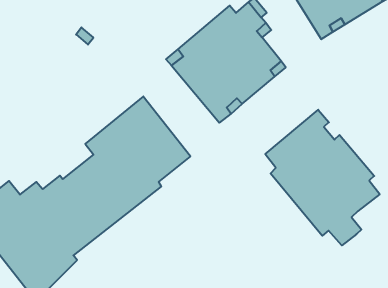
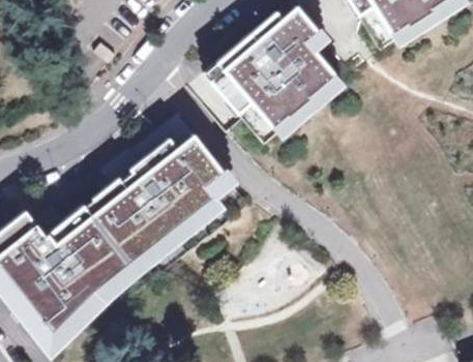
building: [265,110,380,245] -> none

